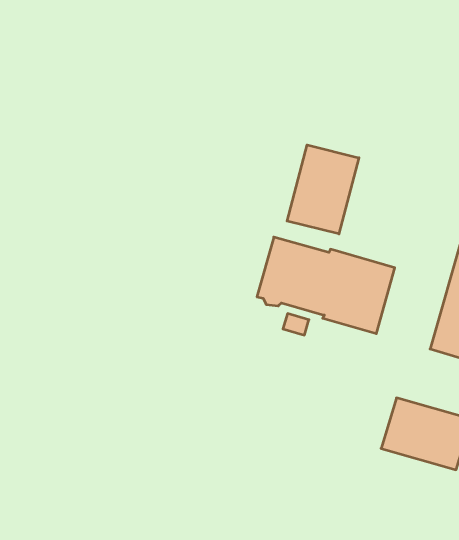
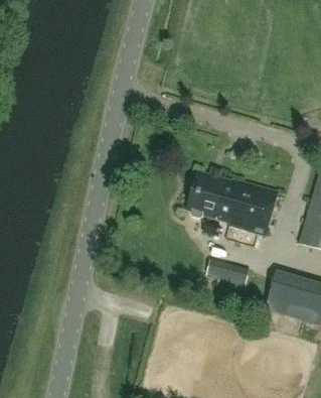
building: [287,145,359,234] -> none
building: none -> [205,257,250,287]

